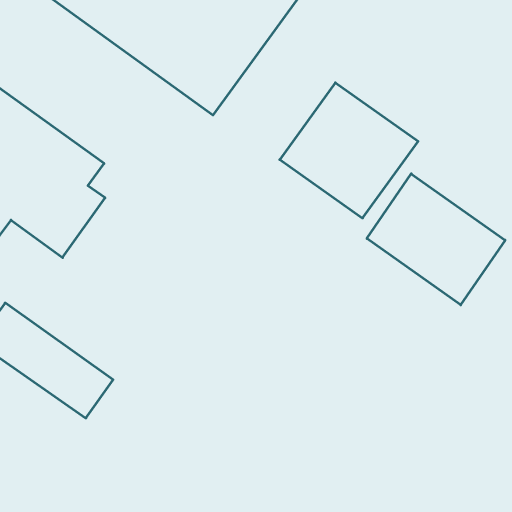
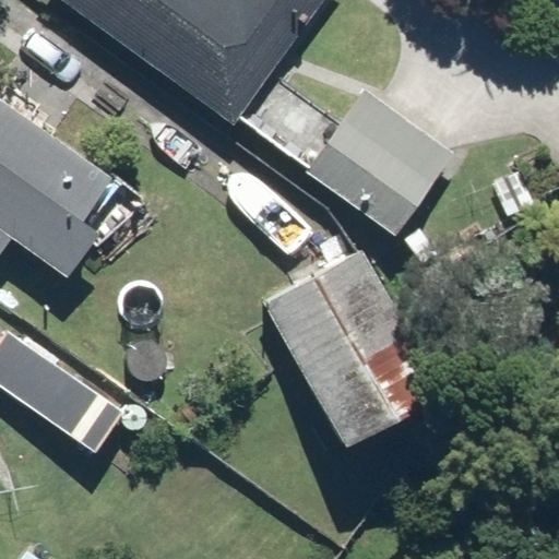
building: [367,174,505,305] -> none
building: none -> [262,245,445,451]

